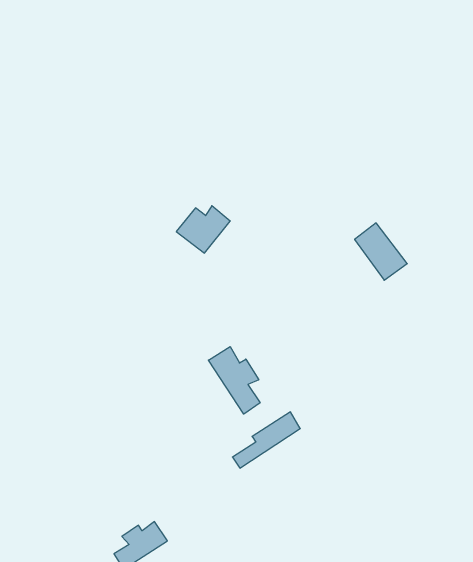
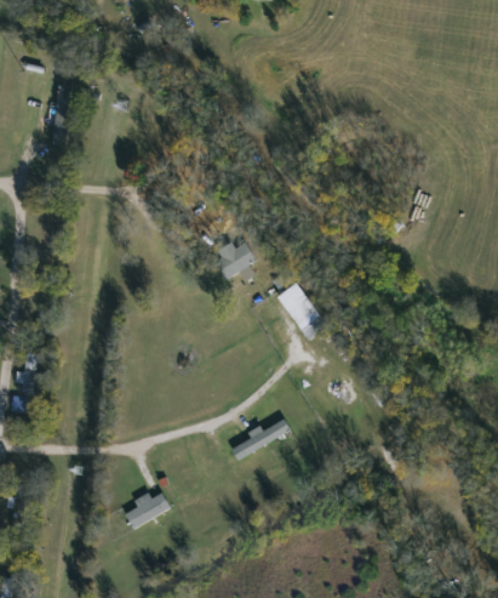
building: [355,223,407,280] -> [279,283,319,330]
building: [208,347,260,414] -> none

